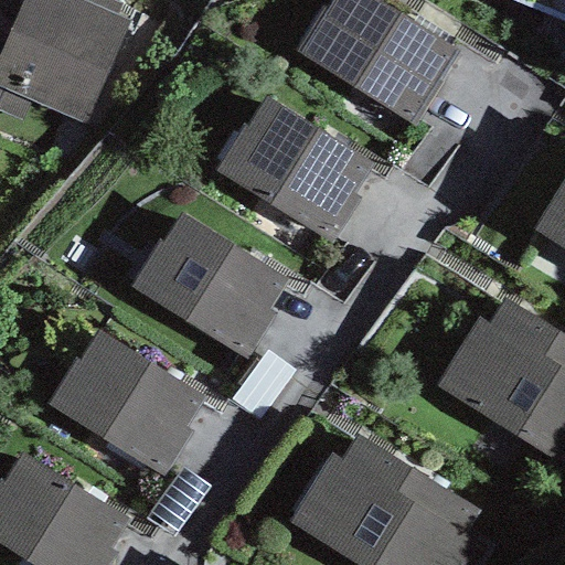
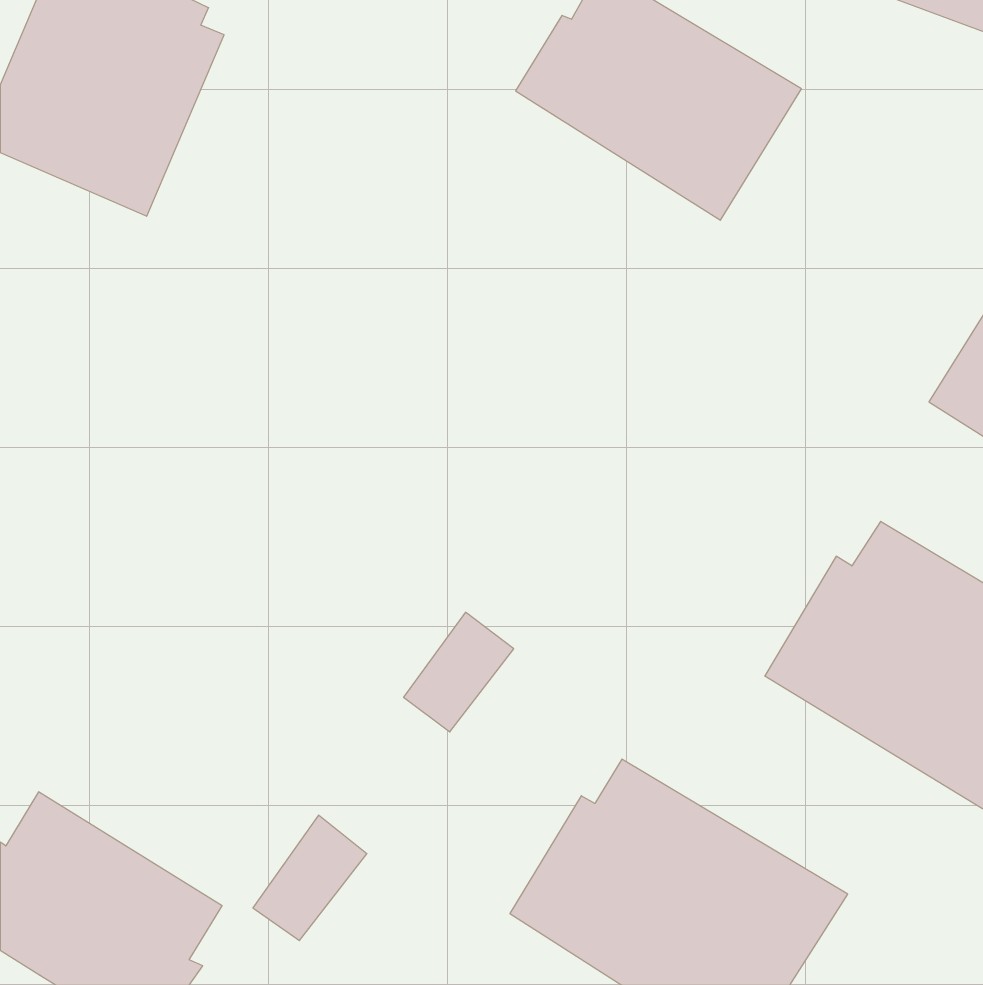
building: [215,97,371,243] -> none
building: [132,212,287,360] -> none
building: [47,331,205,476] -> none

